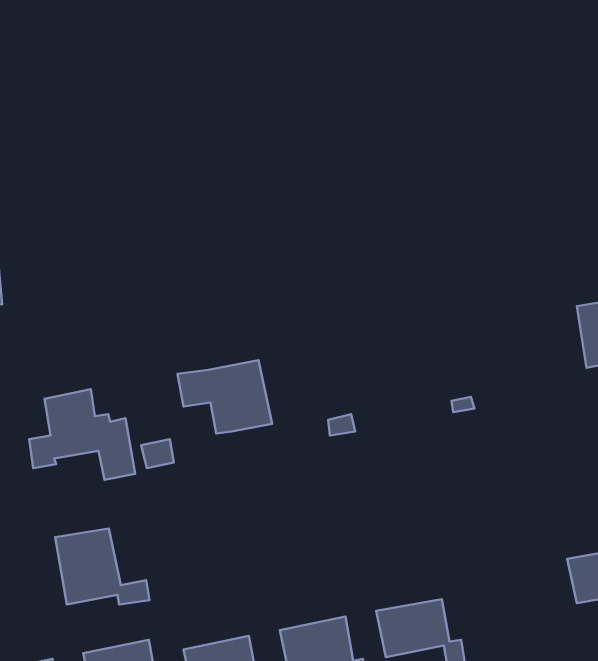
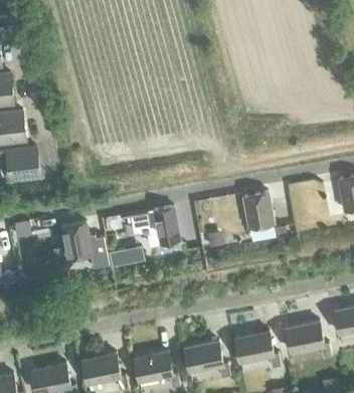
building: none -> [243,192,274,228]
building: [55,529,150,605] -> none
building: none -> [285,322,331,358]

